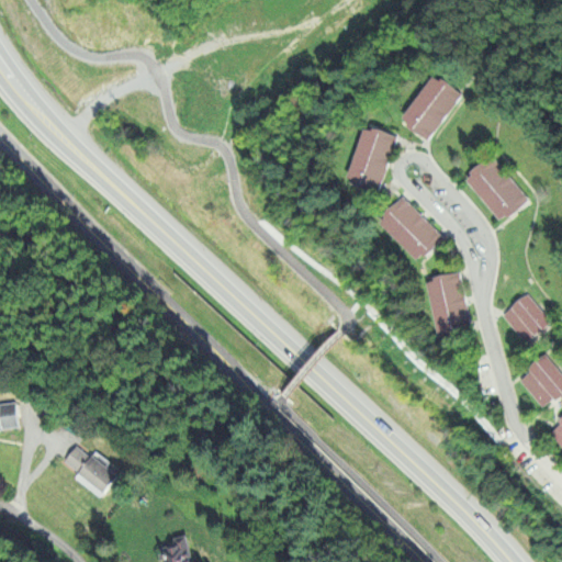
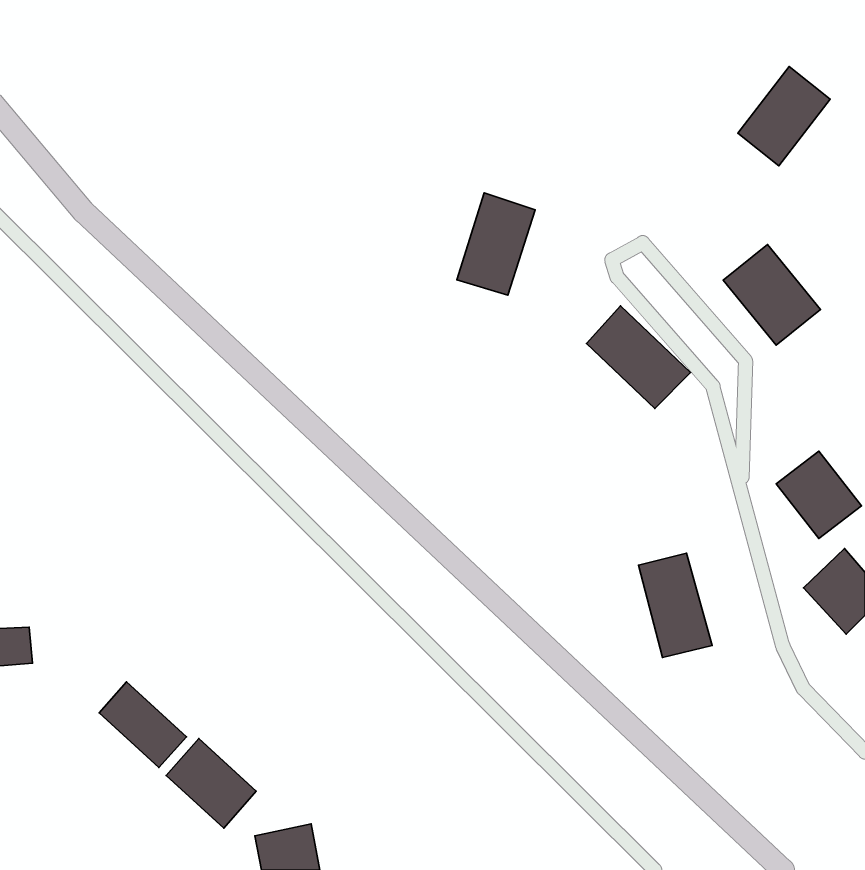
building: [398,76,458,139] -> [738,67,830,166]
building: [347,126,397,192] -> [457,193,535,295]
building: [424,269,471,336] -> [639,553,712,657]
building: none -> [166,739,256,828]

